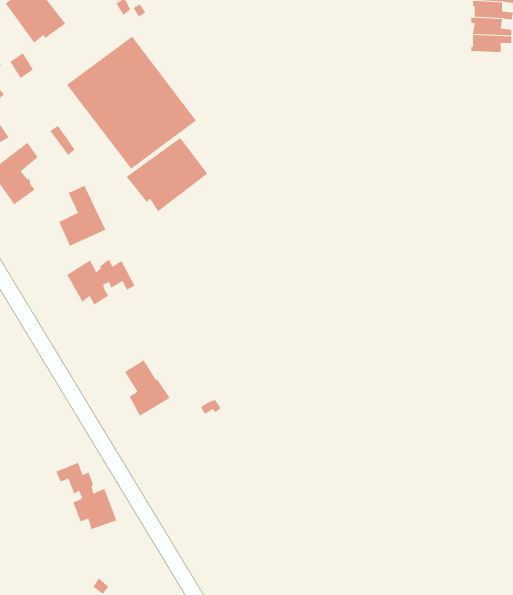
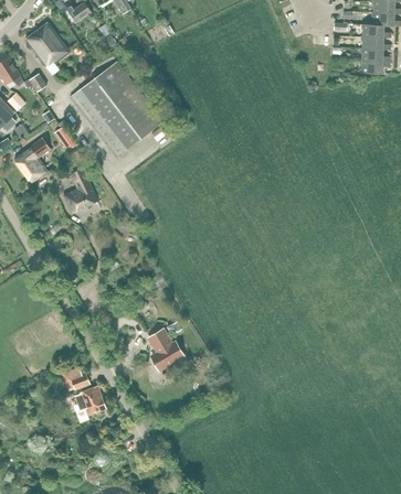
building: [126,137,208,212] -> none
building: [67,259,135,305] -> none
building: [124,359,170,416] -> [148,329,181,369]

